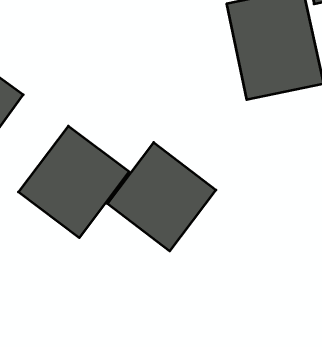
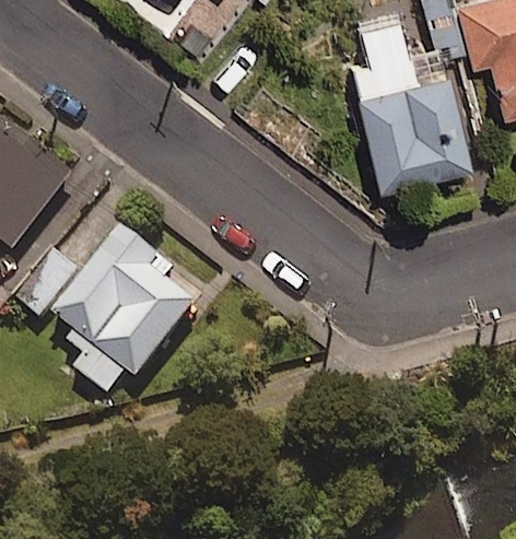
building: [107,142,216,251] -> none

